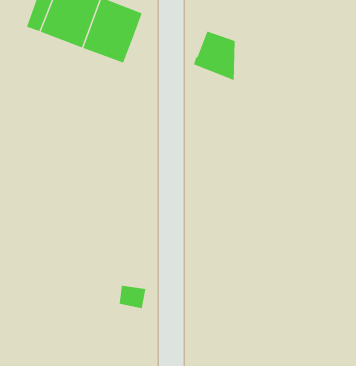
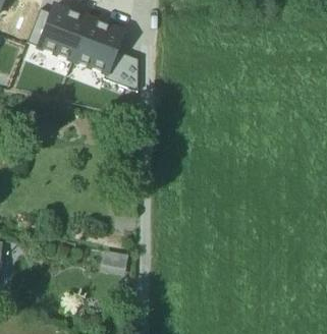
building: [193,31,236,81] -> [104,50,139,91]

